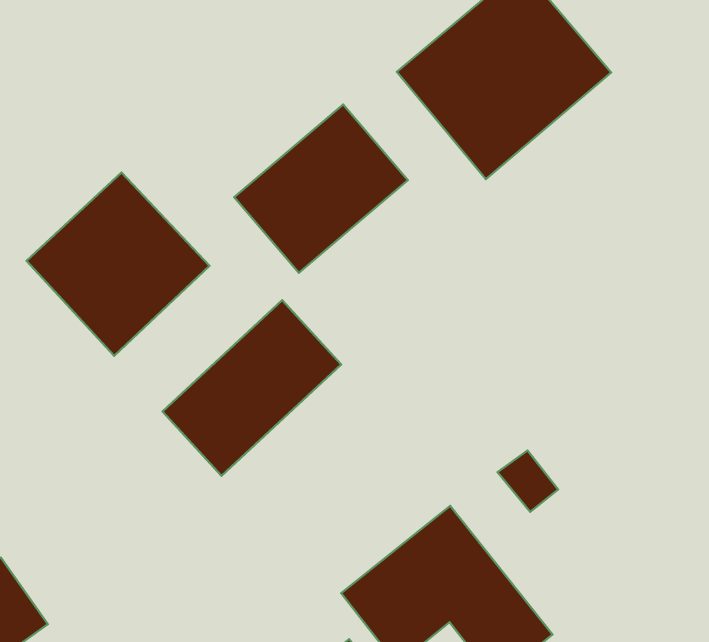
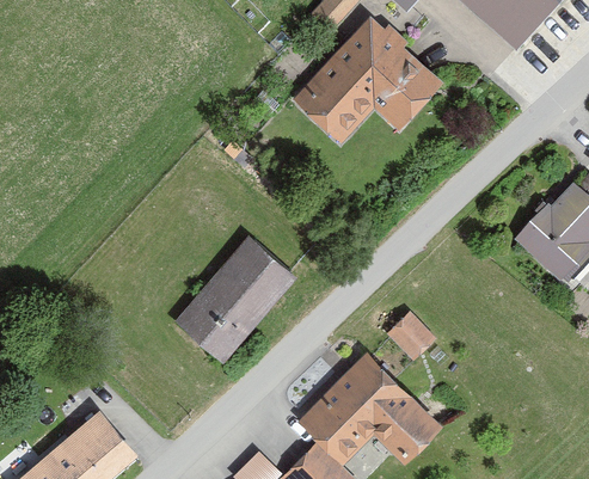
building: [234,104,408,273] -> none
building: [26,173,209,356] -> none

